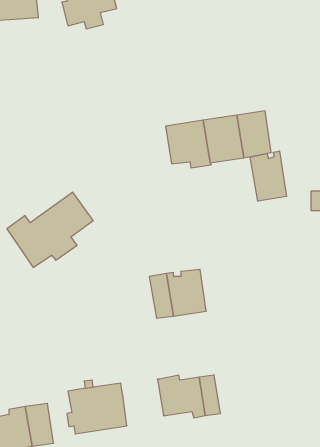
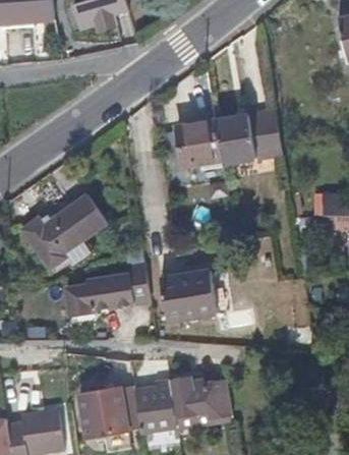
building: [250,151,287,201] -> none
building: none -> [65,265,150,318]
building: none -> [133,382,176,433]

